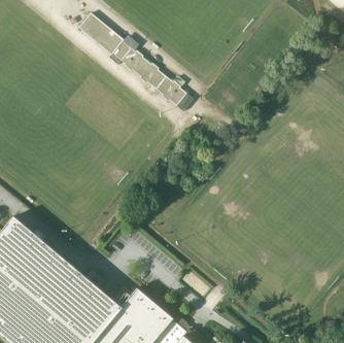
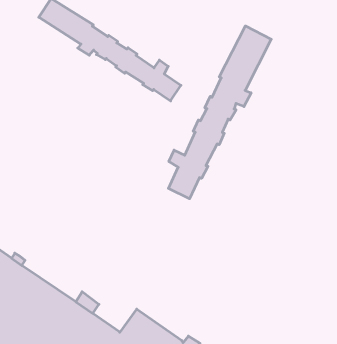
building: none -> [168,26,271,199]

